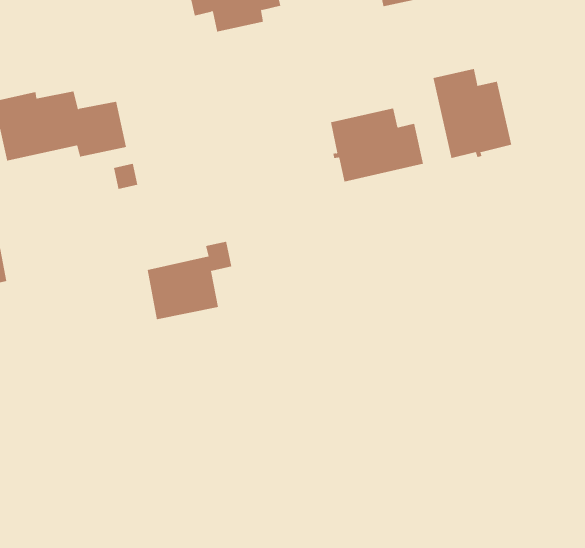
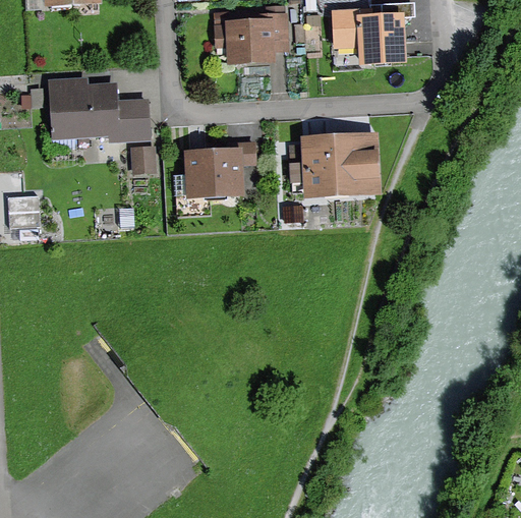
building: [433,68,512,159] -> none
building: [147,241,232,320] -> [188,142,254,194]

